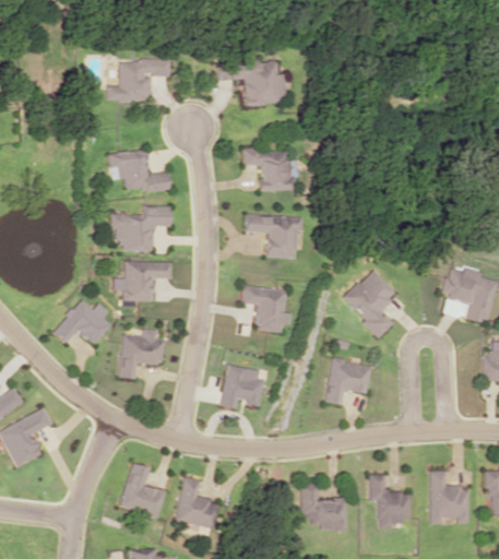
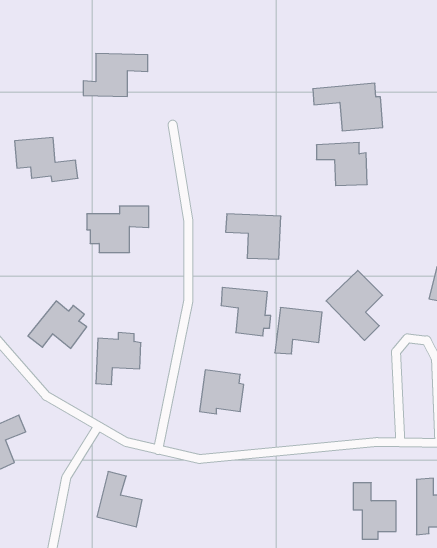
building: [216,60,284,106] -> [313,83,383,131]
building: [243,148,293,190] -> [316,143,367,186]
building: [109,150,170,192] -> [15,138,78,182]
building: [112,261,170,301] -> none
building: [324,359,370,404] -> [275,308,322,354]
building: [175,476,218,527] -> none
building: [299,481,346,528] -> none

